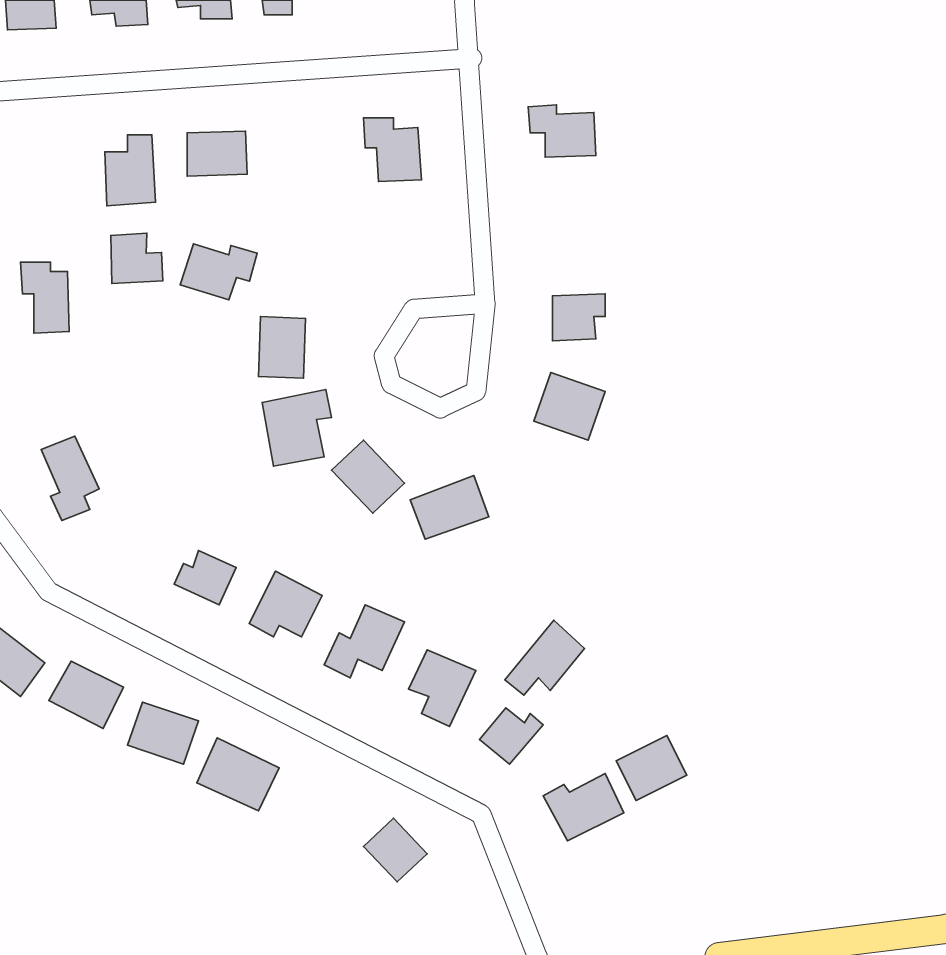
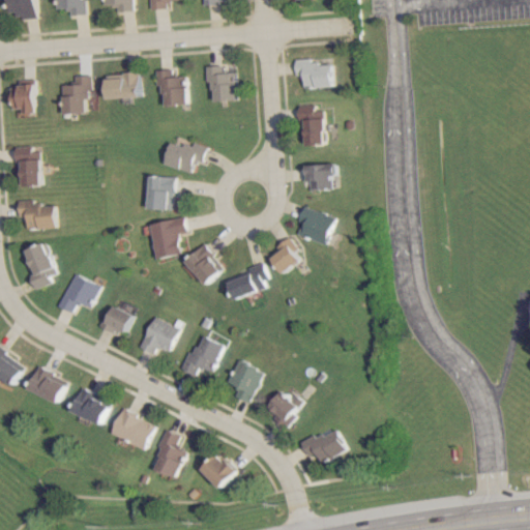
building: none -> [151,69,182,106]
building: none -> [8,80,33,115]
building: none -> [295,106,323,145]
building: [111,233,163,284] -> none
building: [180,244,257,300] -> [158,142,201,173]
building: none -> [16,202,54,229]
building: none -> [269,239,299,273]
building: none -> [57,274,97,313]
building: [505,620,584,695] -> none
building: [616,735,687,801] -> none
building: none -> [152,429,185,479]

